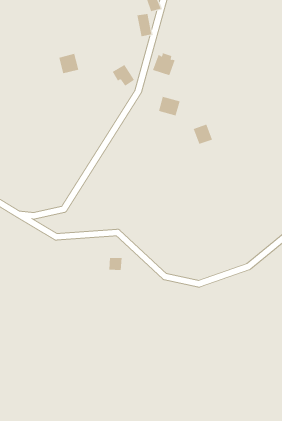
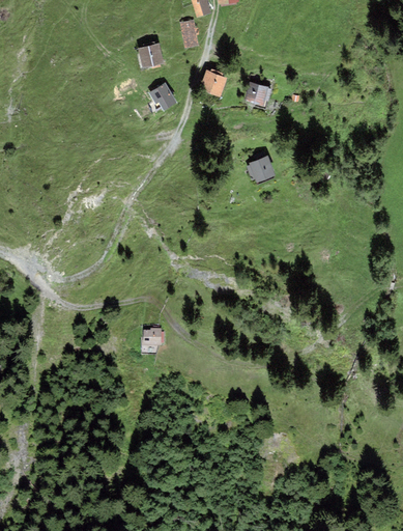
building: [58,53,79,74] -> [138,43,164,68]
building: [158,96,180,116] -> [242,81,270,106]

